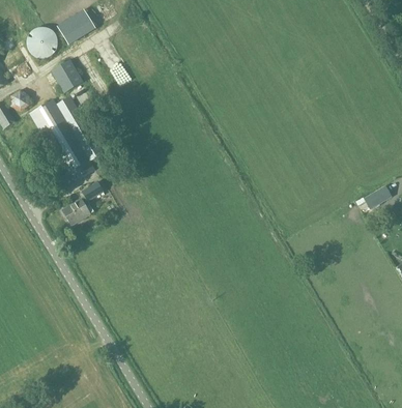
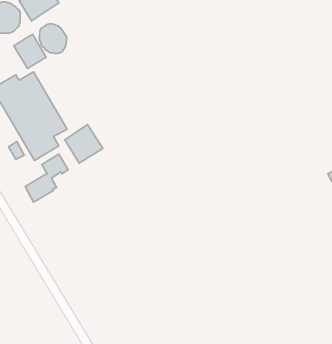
building: none -> [39,24,67,54]
building: none -> [65,125,103,163]

